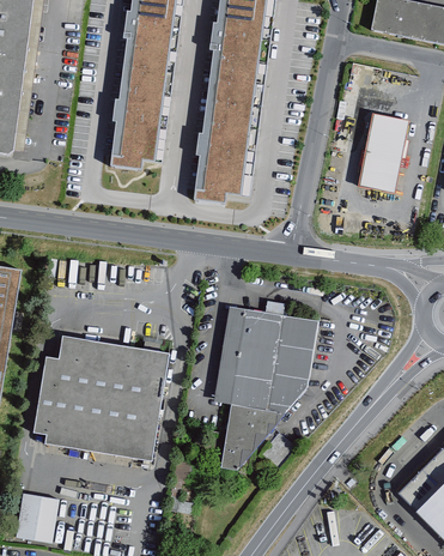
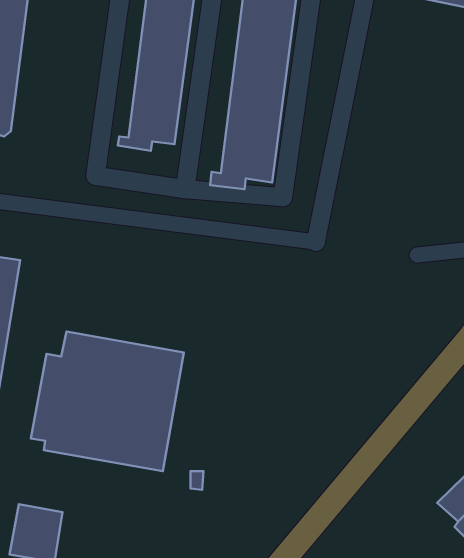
building: [357,114,407,193] -> none
building: [212,306,318,469] -> none

